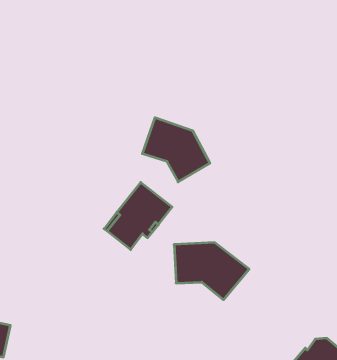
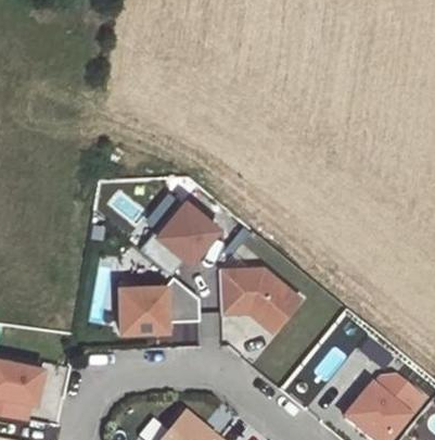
building: [142,118,210,182] -> none
building: none -> [123,280,204,336]

